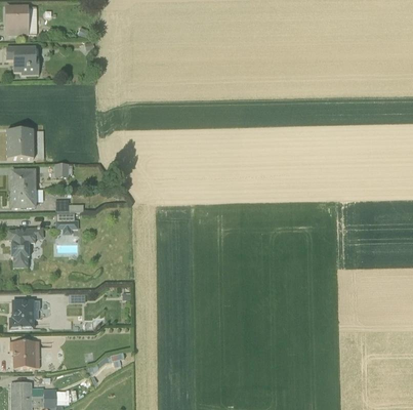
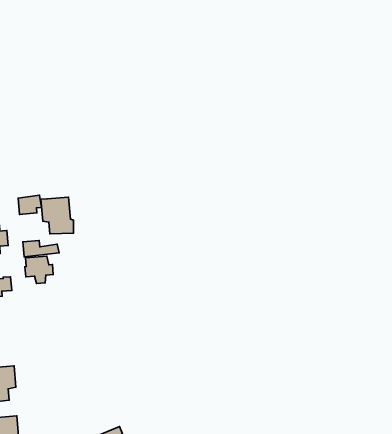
building: none -> [41,197,74,234]

